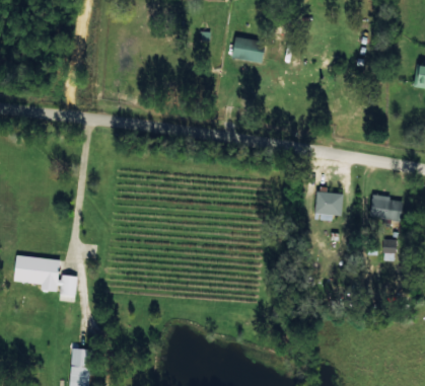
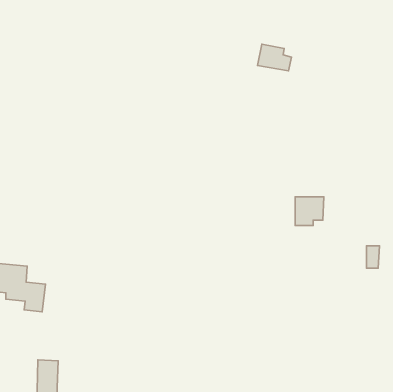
building: [231,36,264,62] -> [257,44,292,71]
building: [369,195,404,224] -> none

